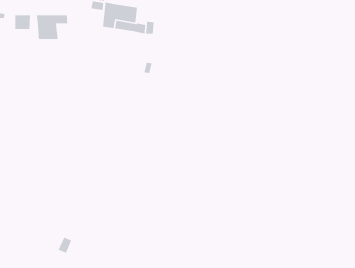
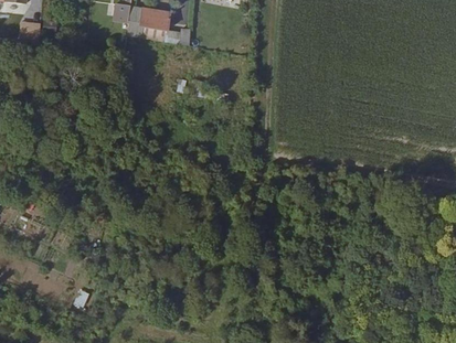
building: [36,14,68,40] -> none

